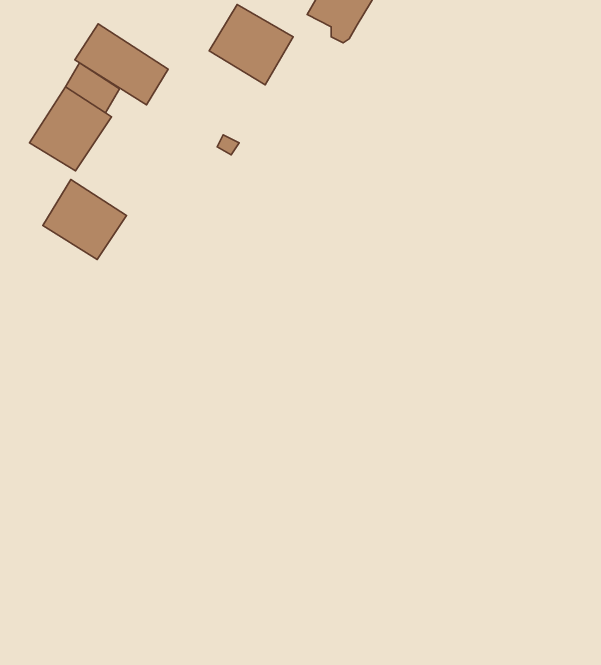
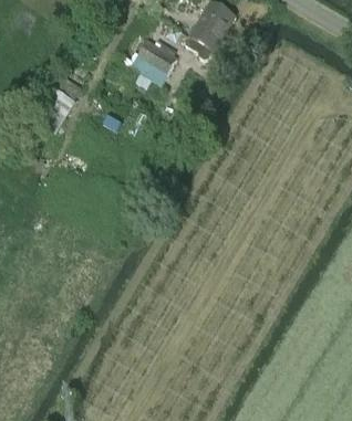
building: [75,24,168,105] -> none
building: [43,180,126,259] -> none

